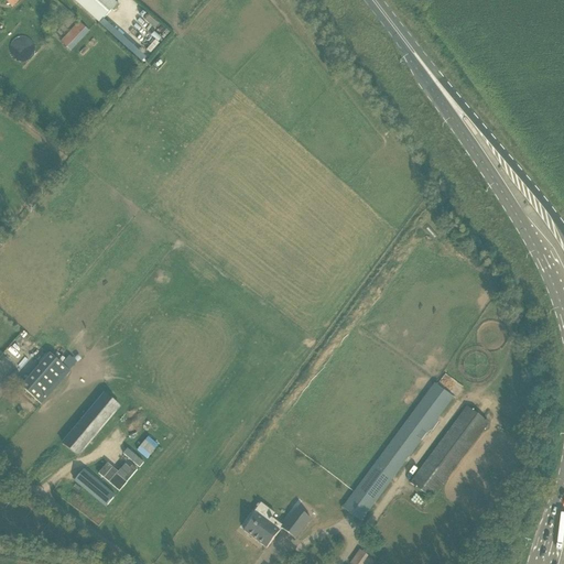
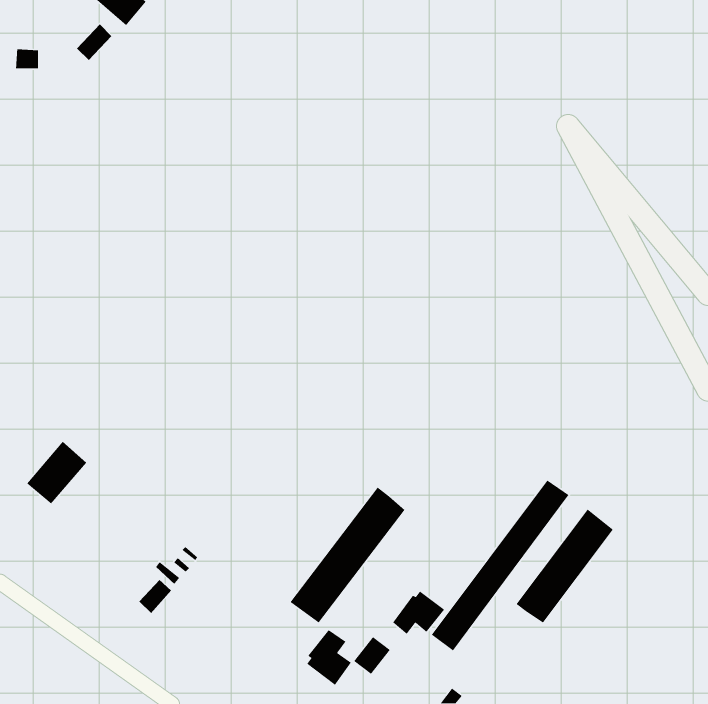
building: none -> [290,487,406,623]
building: [63,394,117,449] -> none
building: [74,466,116,505] -> none
building: none -> [392,591,445,635]

